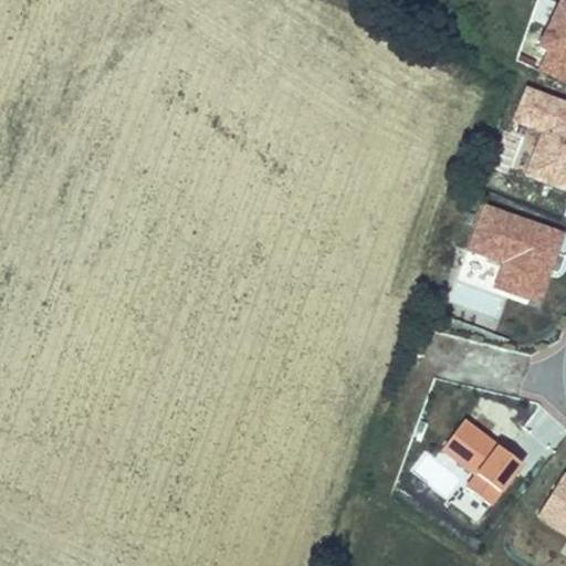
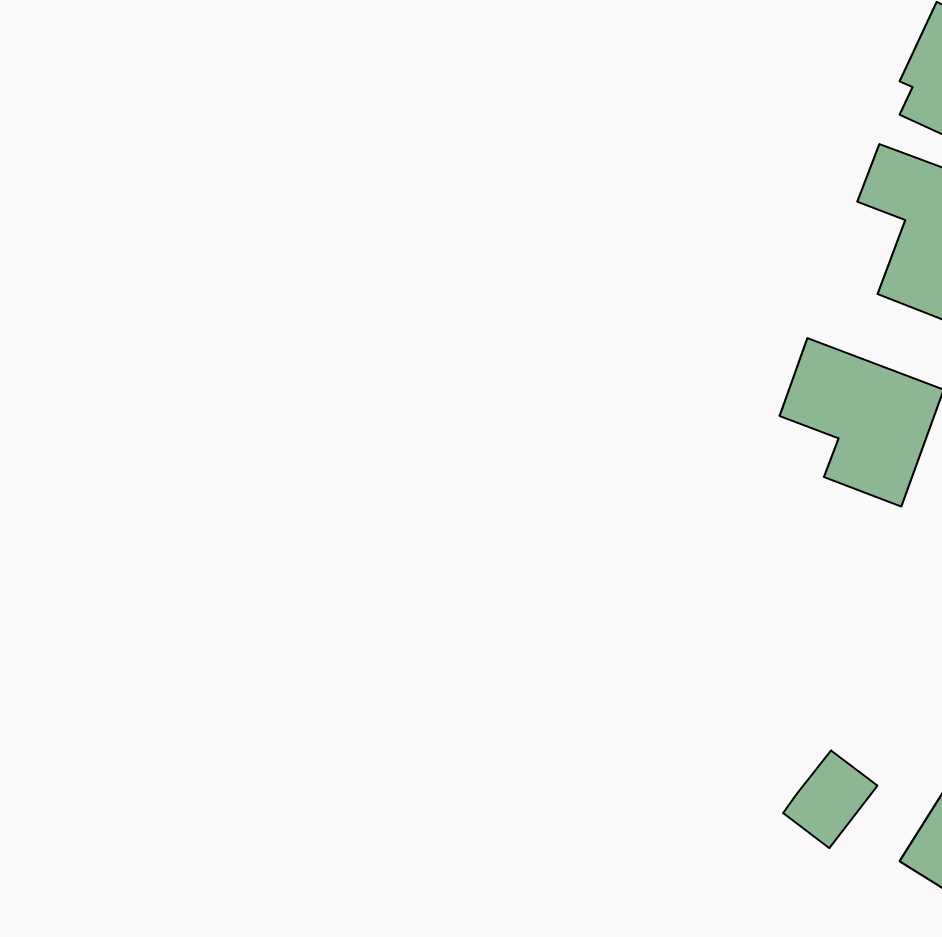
building: [442,418,501,475] -> none

